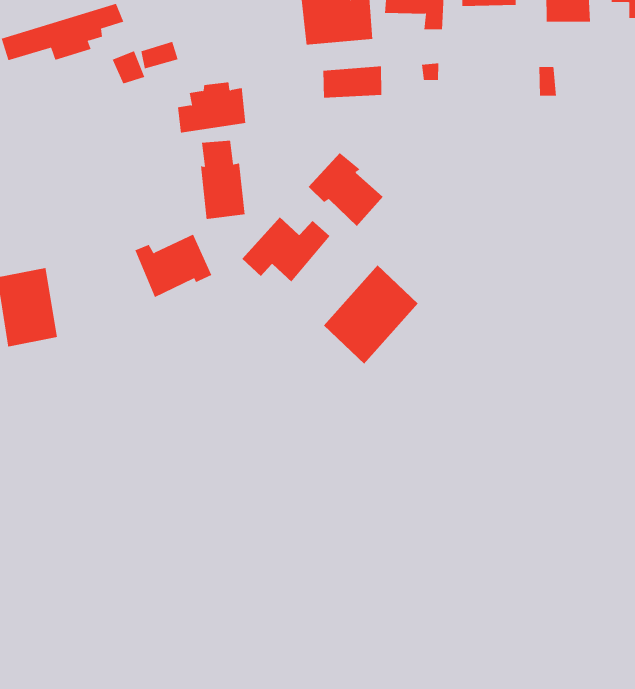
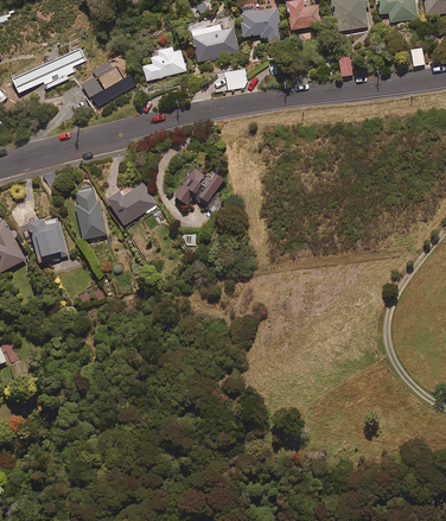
building: [177,82,246,133] -> [142,46,185,81]
building: [200,140,246,220] -> [75,189,107,239]
building: [308,152,384,227] -> none
building: [323,264,419,364] -> none

